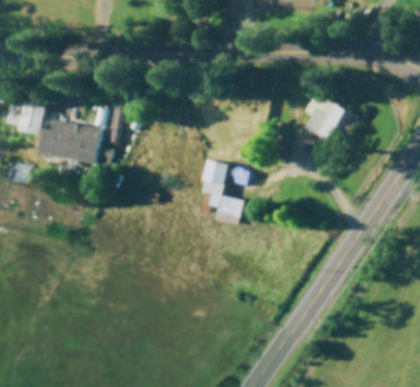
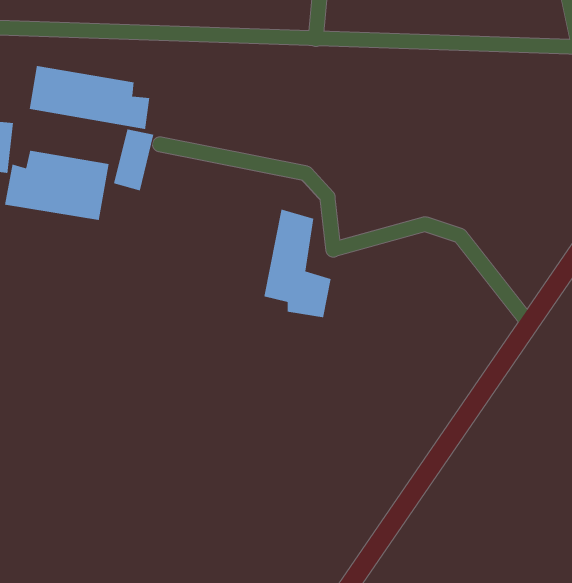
building: none -> [29,65,150,130]
building: [304,89,350,137] -> none

